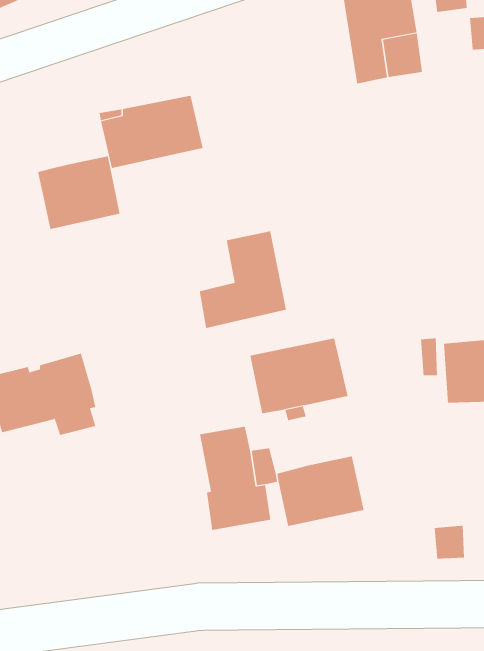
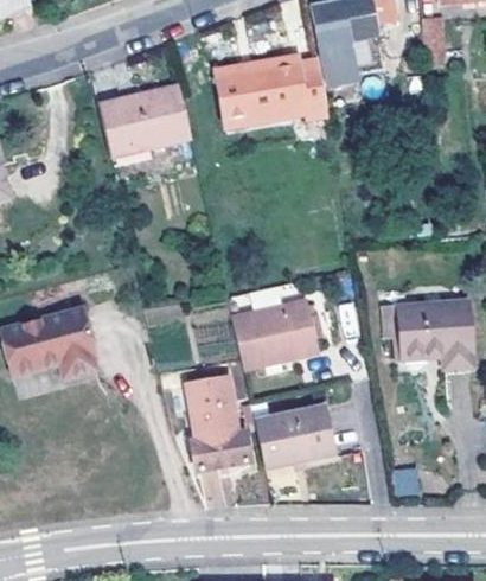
building: none -> [215,55,327,126]
building: [37,155,120,230] -> none
building: [199,230,286,329] -> none

